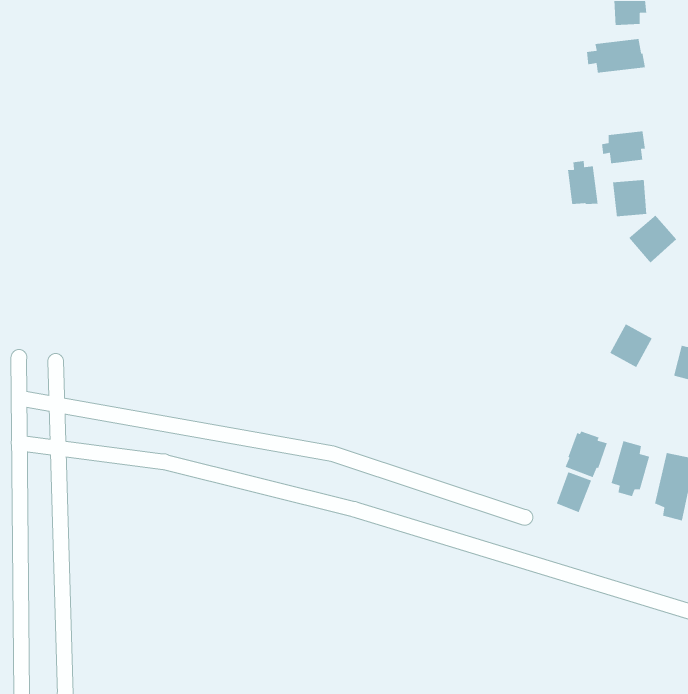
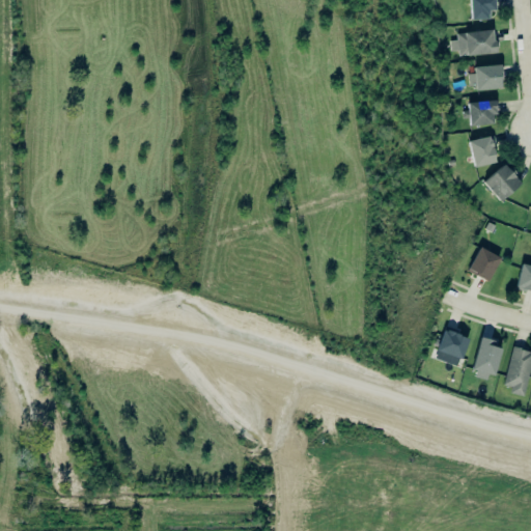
building: none -> [469,63,503,89]
building: [567,160,599,205] -> none
building: [556,471,592,513] -> none

